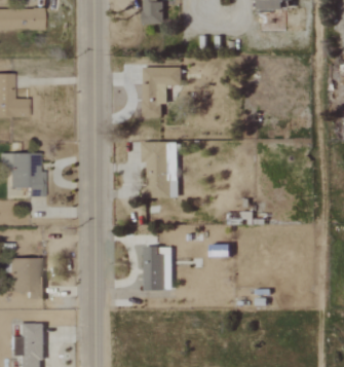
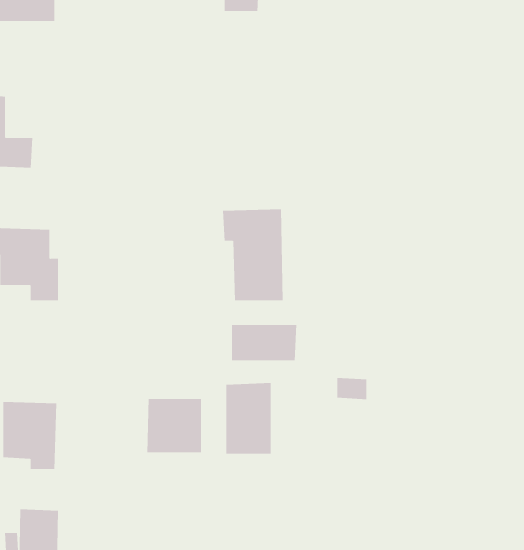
building: [142,66,181,117] -> none
building: none -> [232,324,297,361]
building: none -> [147,398,202,453]

